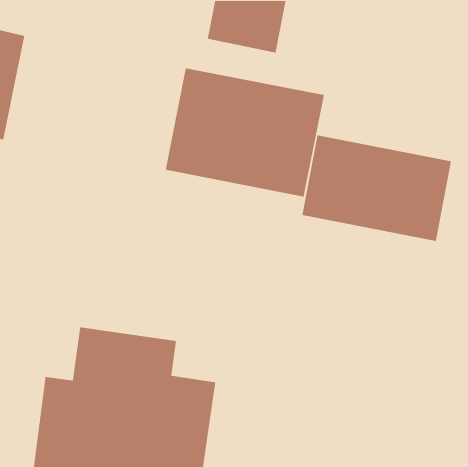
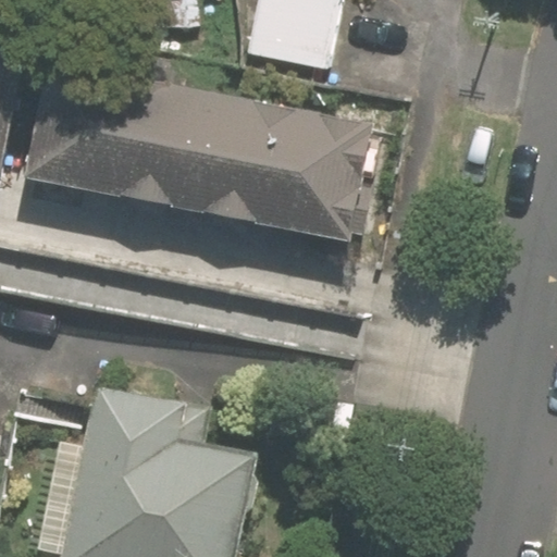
building: none -> [29,60,215,211]
building: [302,135,452,242] -> none

